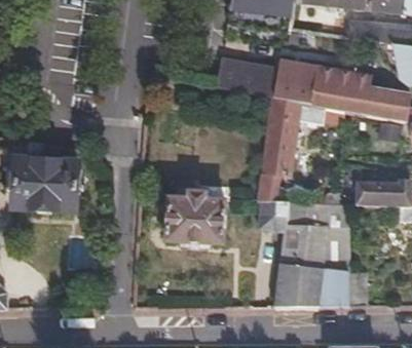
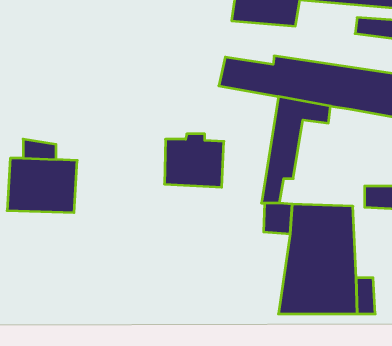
building: [166,190,224,241] -> [164,134,224,187]

